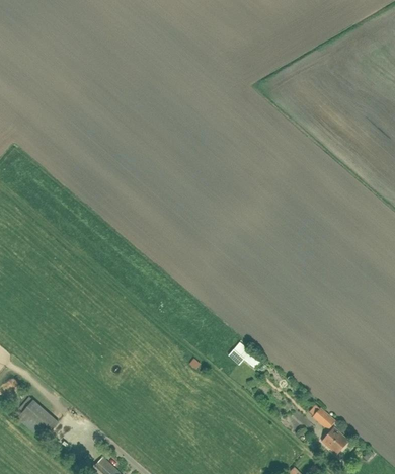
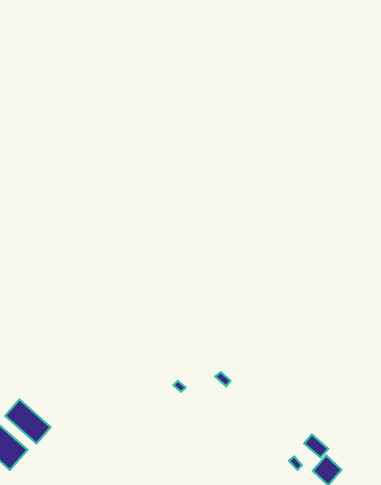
building: none -> [5,400,51,443]

